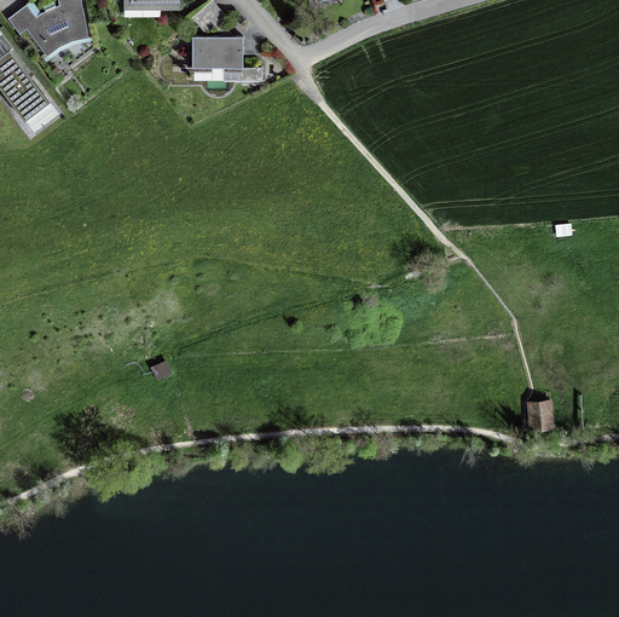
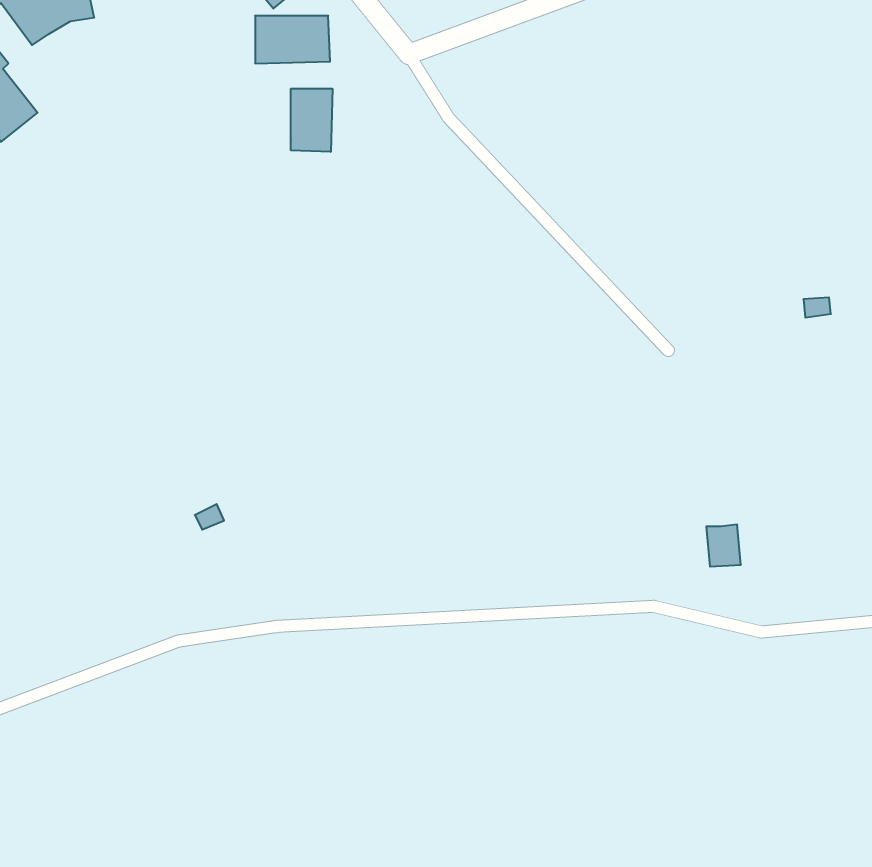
building: none -> [291,89,332,152]
building: [531,399,554,427] -> [706,525,741,567]

